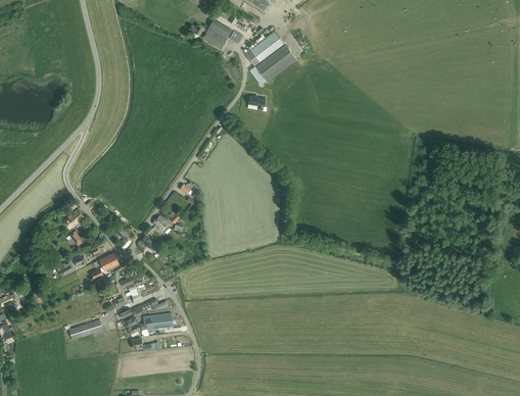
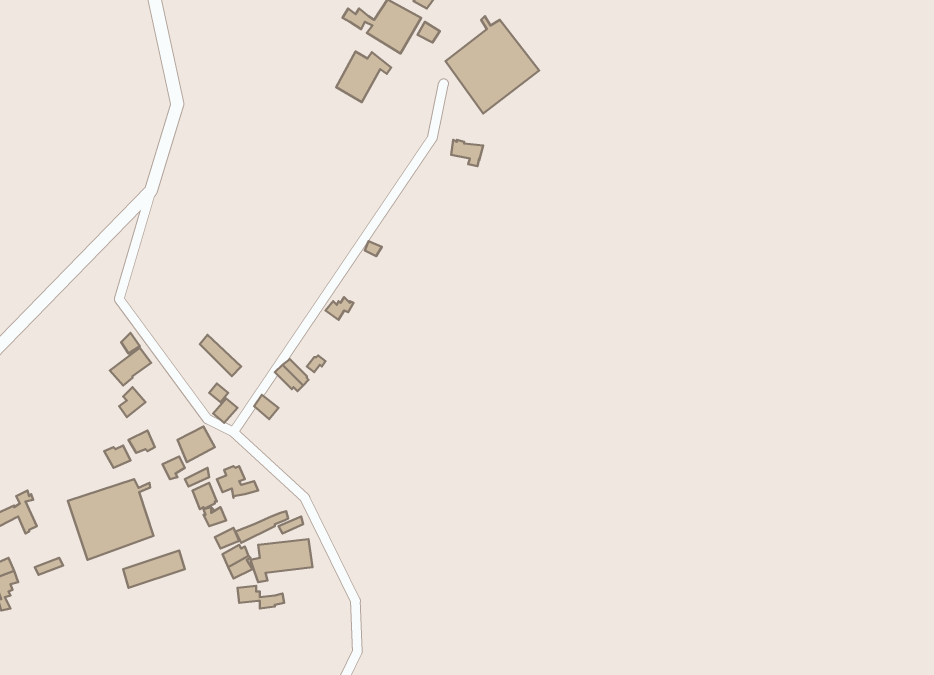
building: none -> [336,51,391,102]
building: none -> [68,479,154,560]

